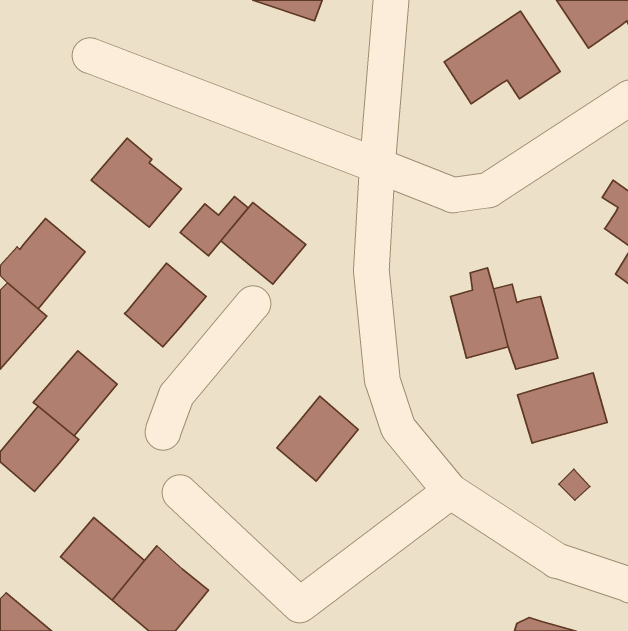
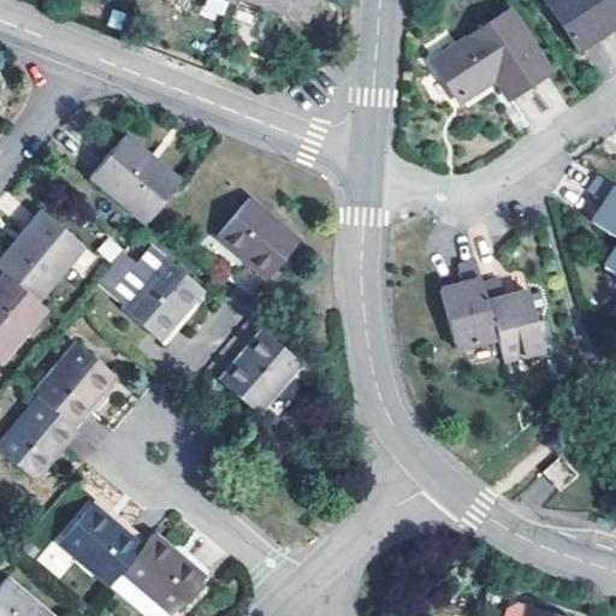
building: [180,197,248,256] -> [99,245,165,303]
building: [517,373,607,443] -> none
building: [277,396,358,481] -> [221,328,301,411]

